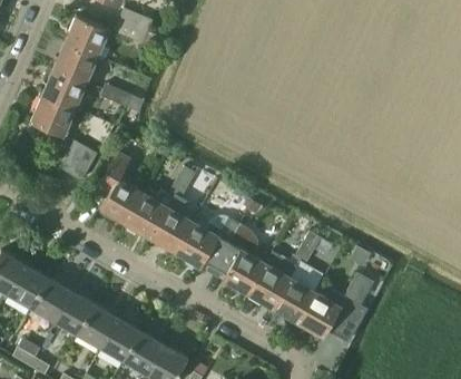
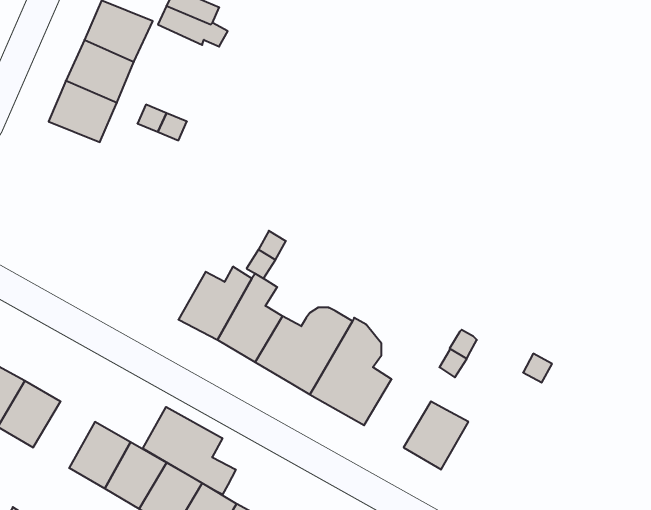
building: [30,96,75,137] -> none
building: [59,143,96,182] -> none
building: [96,153,144,225] -> none
building: [247,252,298,309] -> none
building: [297,275,371,342] -> none
building: [31,279,71,322] -> none
building: none -> [143,407,236,495]

